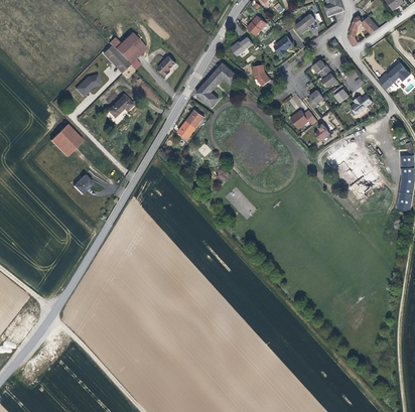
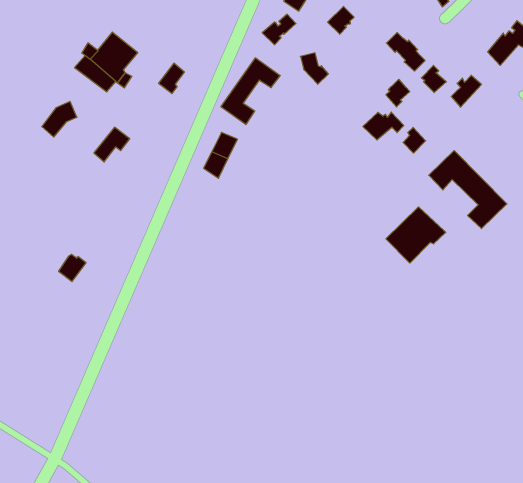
building: [49,124,82,157] -> none
building: none -> [386,207,446,263]

